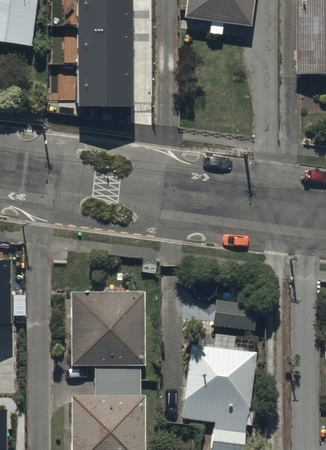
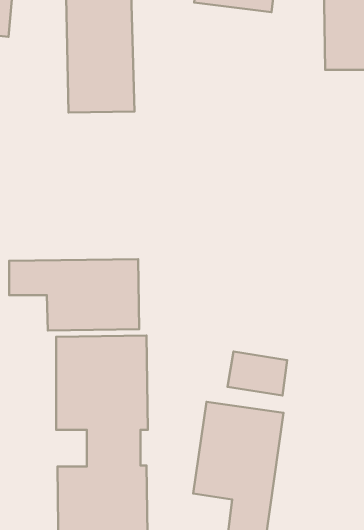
building: none -> [9,259,139,331]

